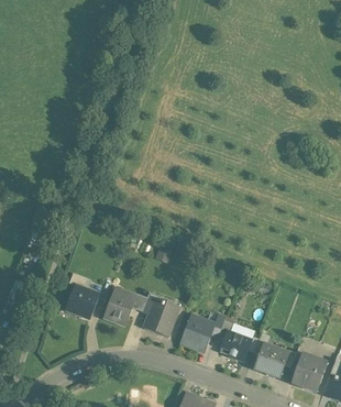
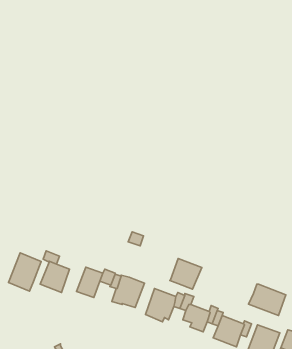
building: none -> [8,253,41,291]
building: none -> [170,258,202,289]
building: none -> [248,284,286,316]

